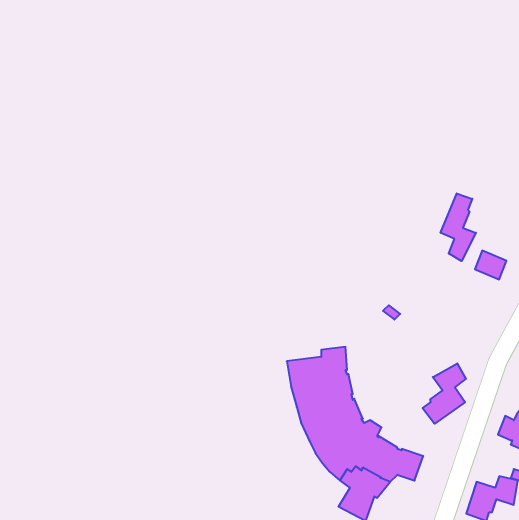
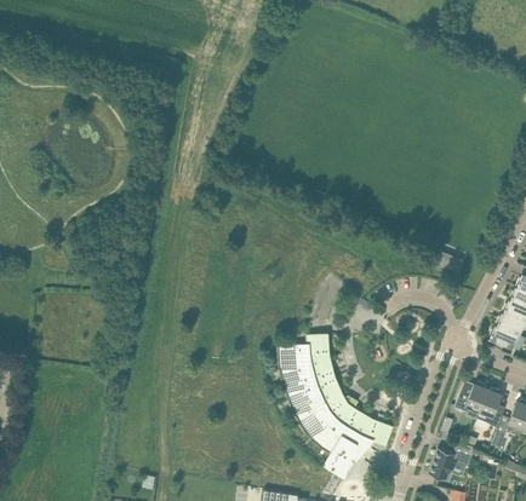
building: [441,193,476,261] -> none
building: [423,363,466,424] -> none

